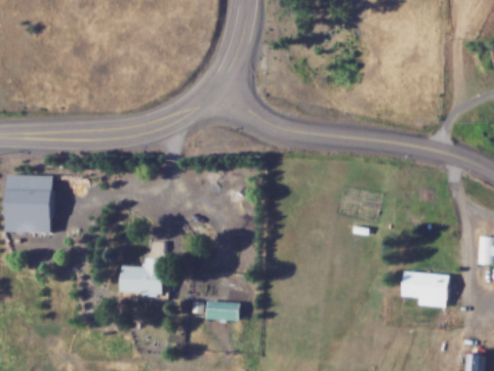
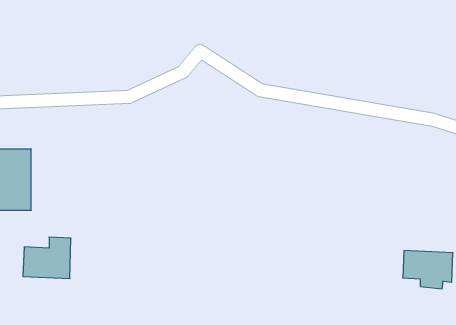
building: [120,257,165,296] -> [23,237,71,279]
building: [205,301,238,321] -> none

